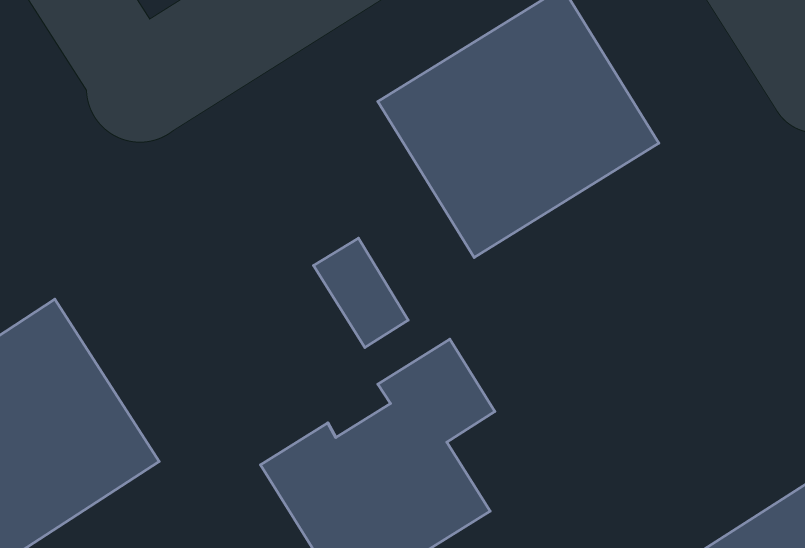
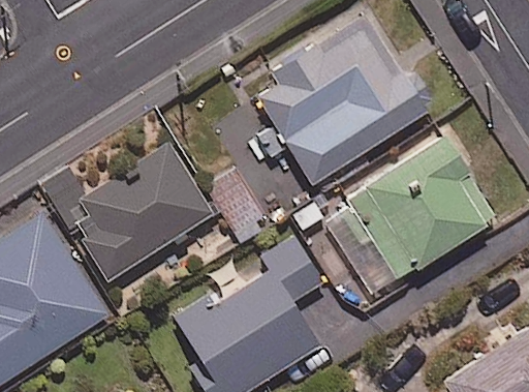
building: none -> [319,135,497,298]
building: none -> [68,144,214,279]

